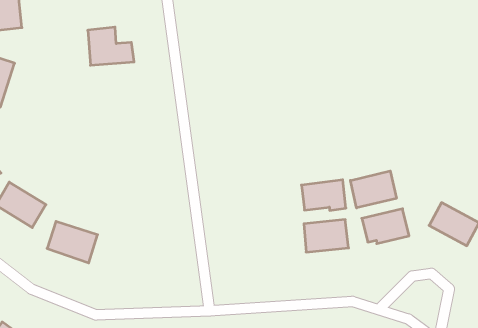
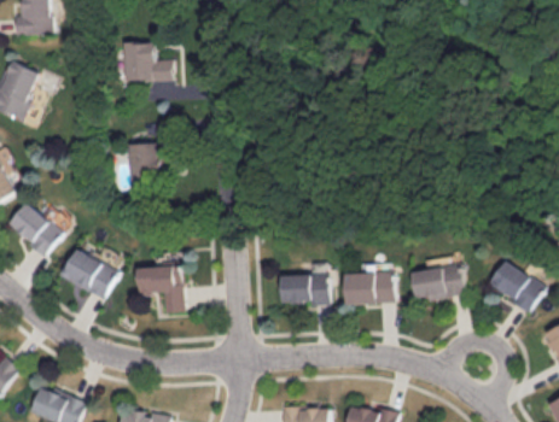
building: none -> [128,142,158,184]
building: [350,171,396,208] -> none
building: [301,180,346,210] -> [283,272,330,305]
building: none -> [138,265,184,312]

